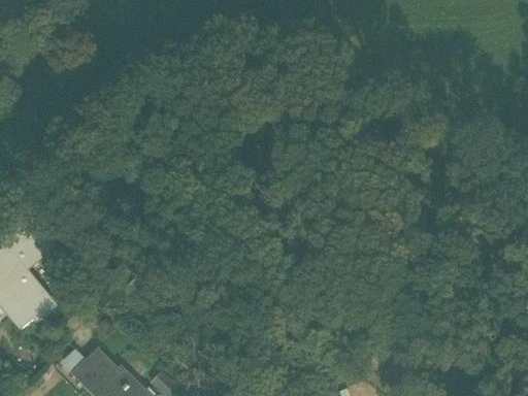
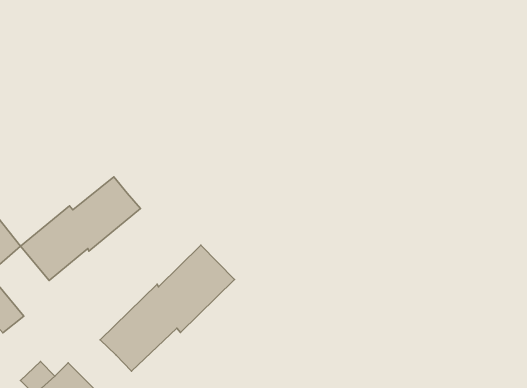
building: none -> [21,177,140,281]
building: none -> [100,245,235,371]

